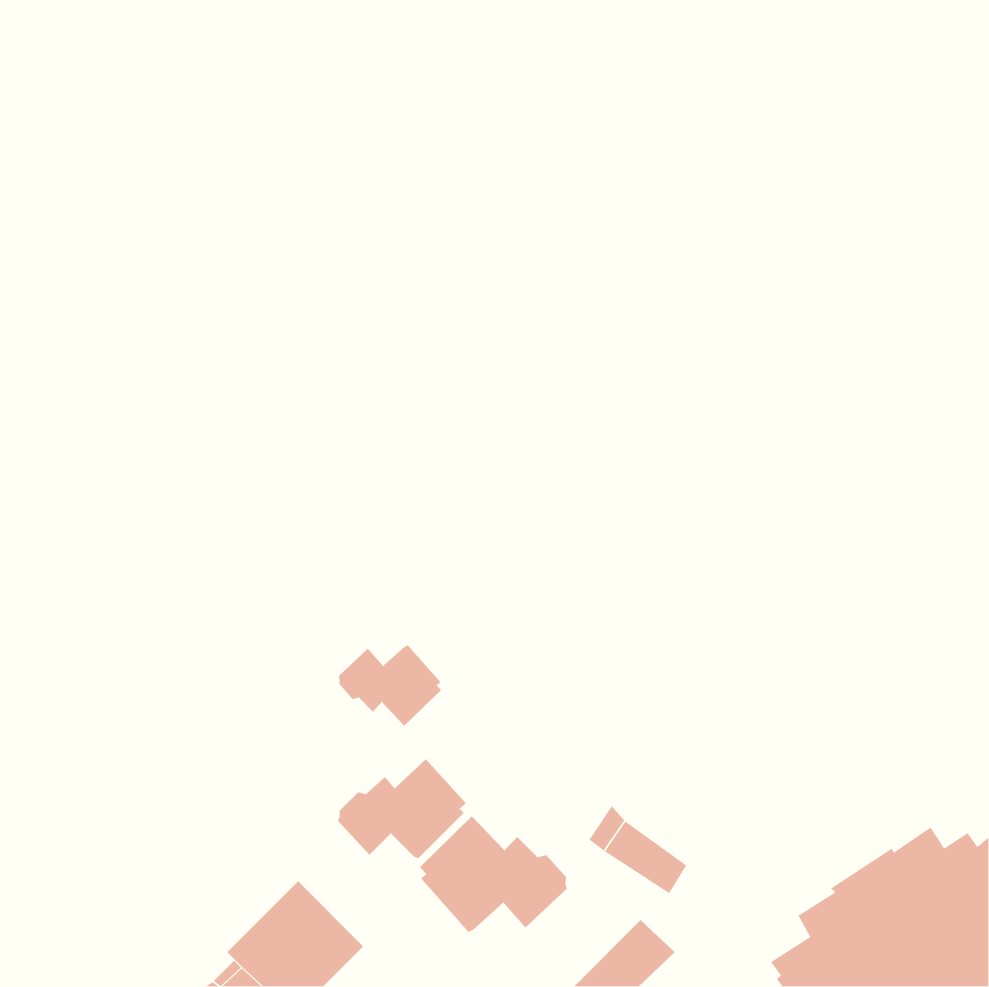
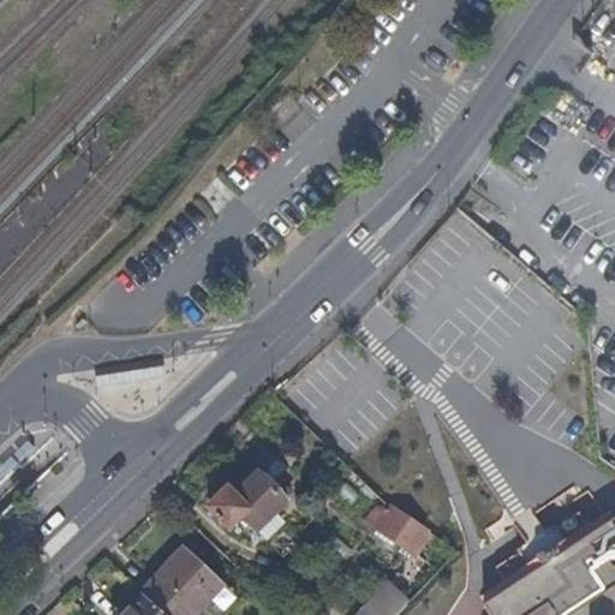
building: [338,644,442,726] -> none
building: [419,816,568,933] -> none

